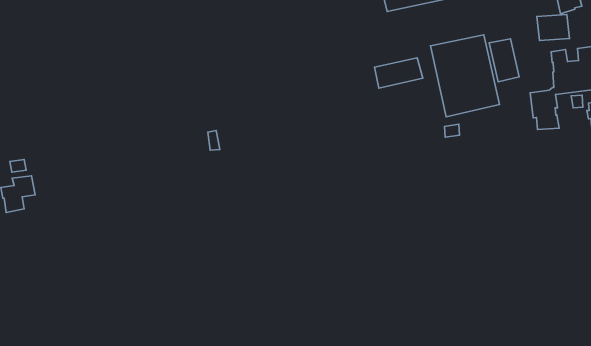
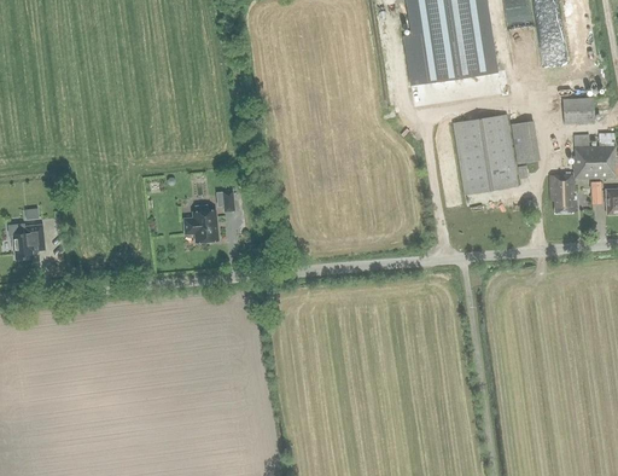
building: [375,58,423,88] -> none
building: none -> [183,205,217,243]

